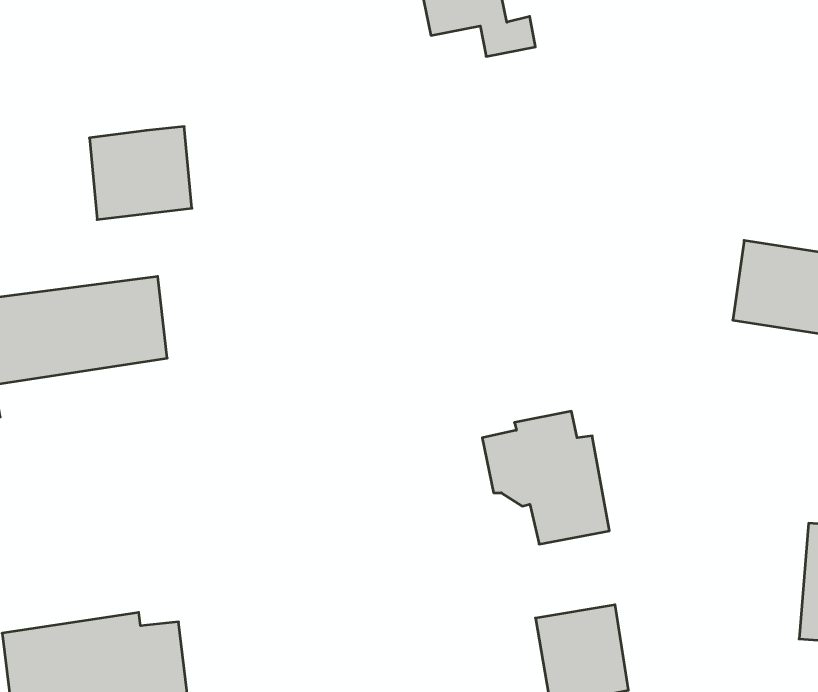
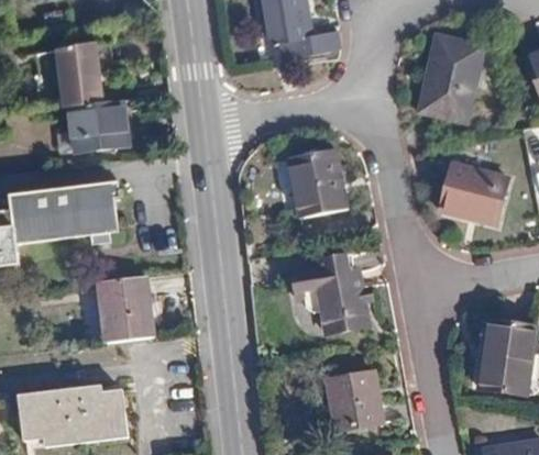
building: none -> [57,41,102,104]
building: none -> [426,41,484,121]
building: none -> [294,162,350,226]
building: none -> [99,277,153,343]

